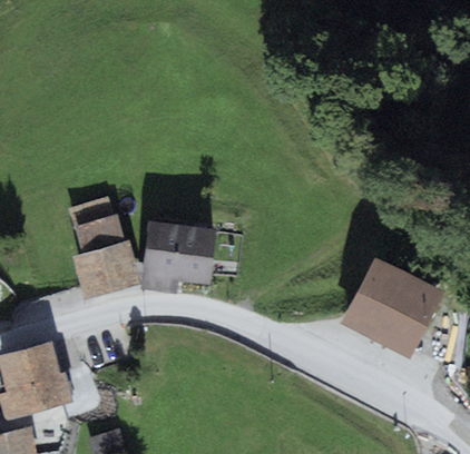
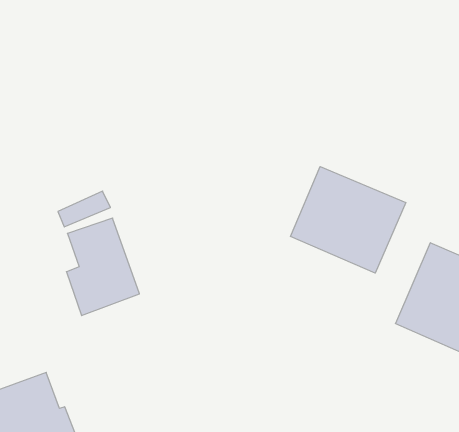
building: none -> [291,167,406,273]
building: [143,224,212,288] -> none

